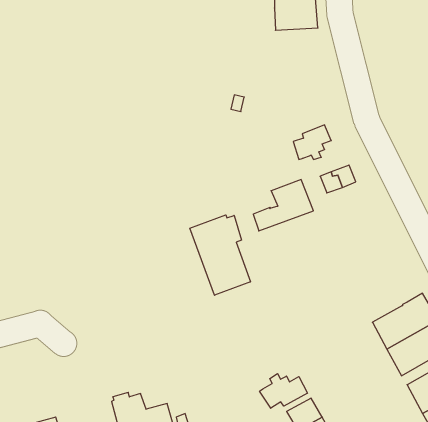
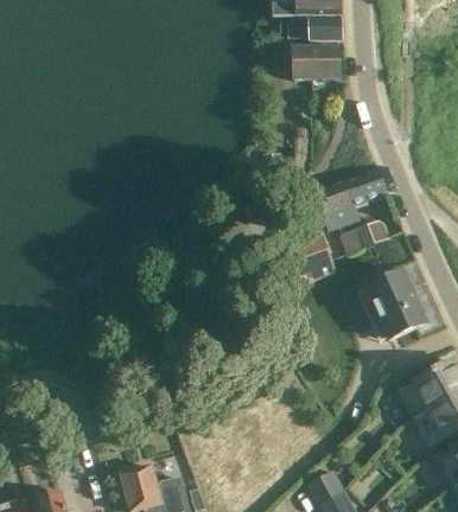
building: none -> [323,168,387,230]
building: none -> [358,269,427,339]
building: [190,215,250,295] -> none
building: [260,374,307,408] -> none

